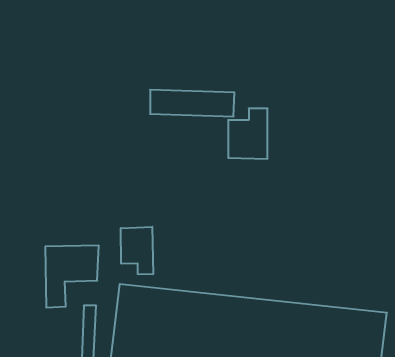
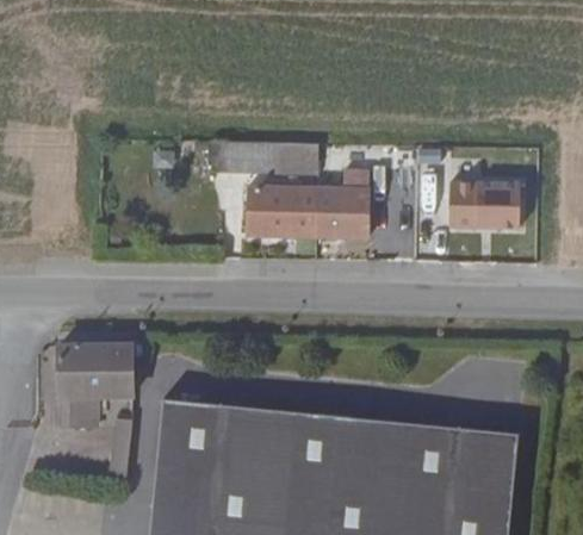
building: none -> [445,178,515,224]
building: none -> [261,182,308,232]
building: [121,227,153,274] -> none

